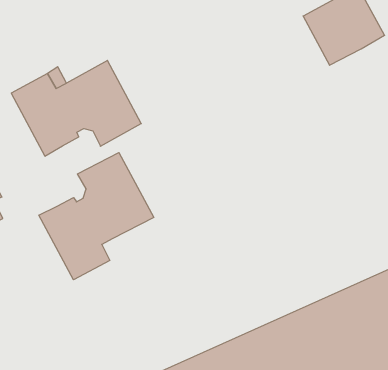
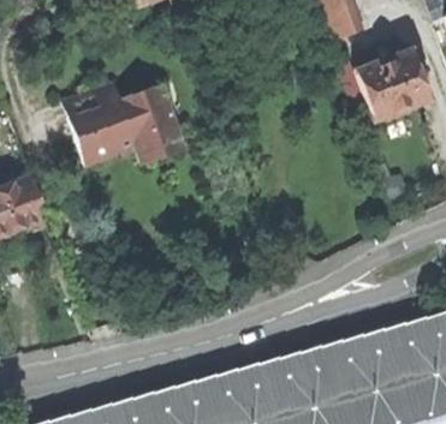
building: [39,153,154,280] -> none

